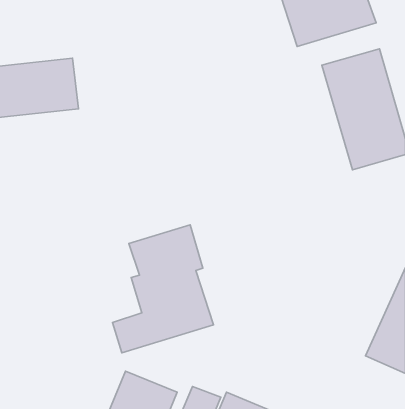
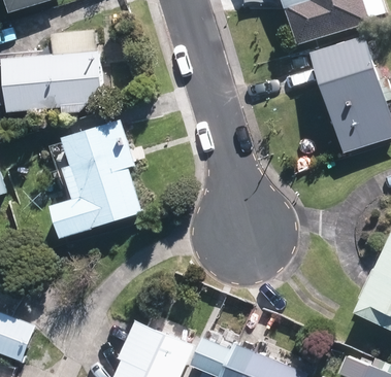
building: [112,225,214,353] -> [50,124,138,236]

